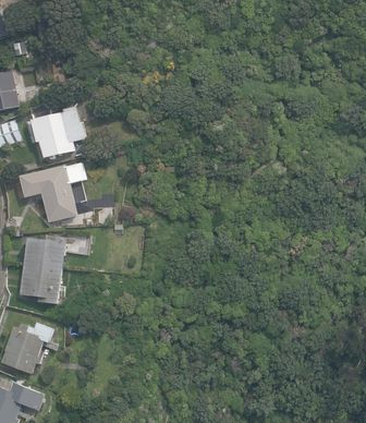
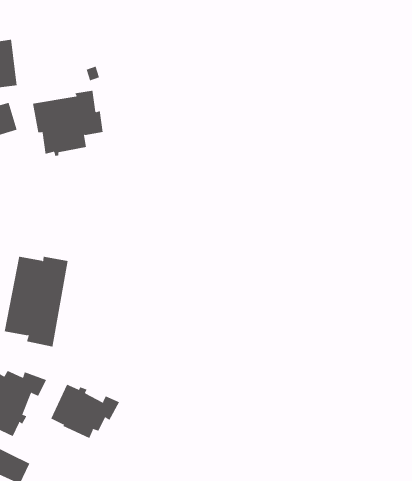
building: [20,165,77,222] -> none
building: none -> [50,384,120,439]

